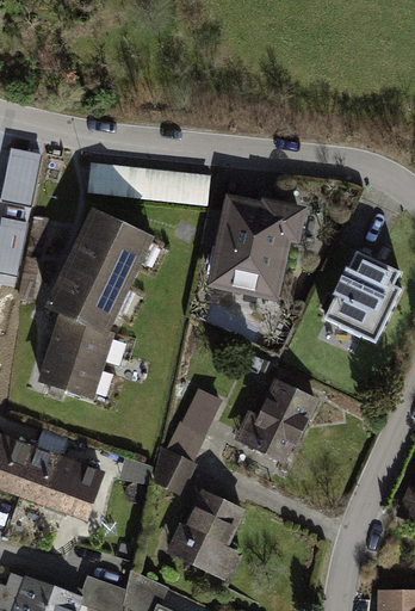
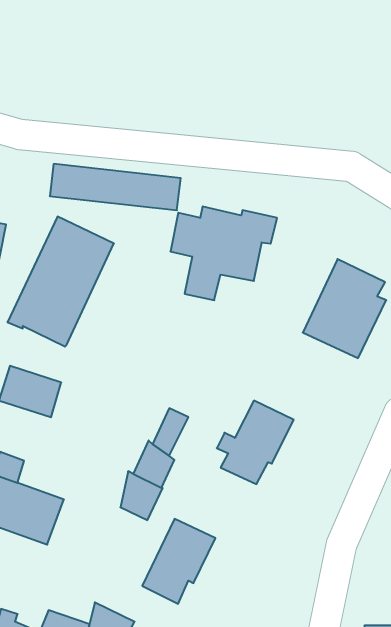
building: [51,313,110,365] -> none

